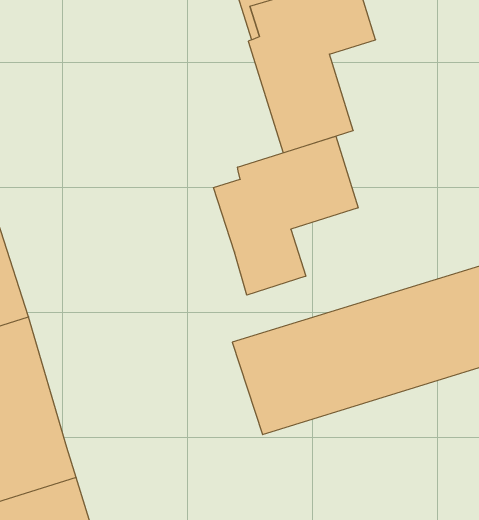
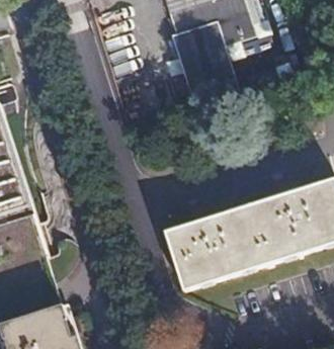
building: [213,136,358,295] -> none

